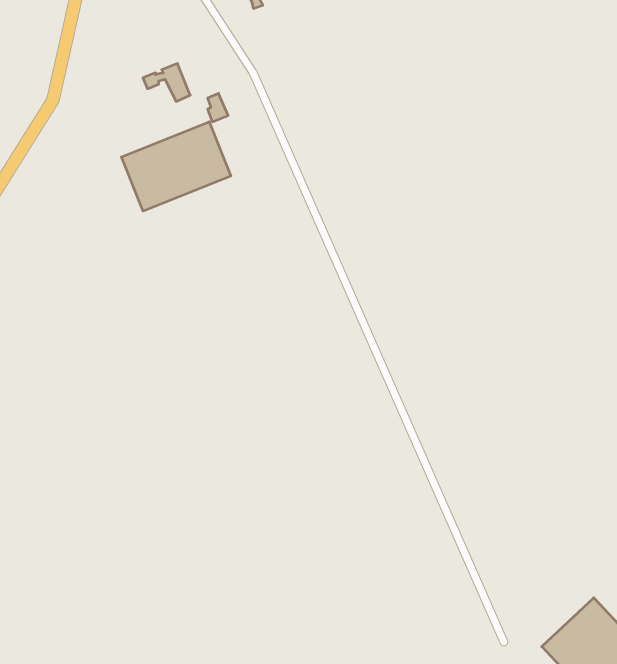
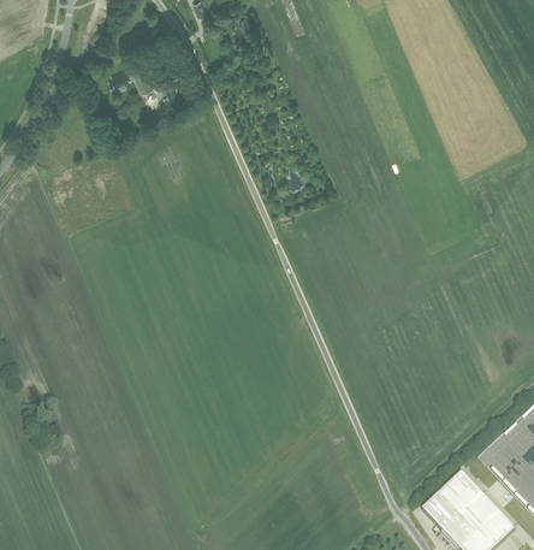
building: [121,122,231,211] -> none

